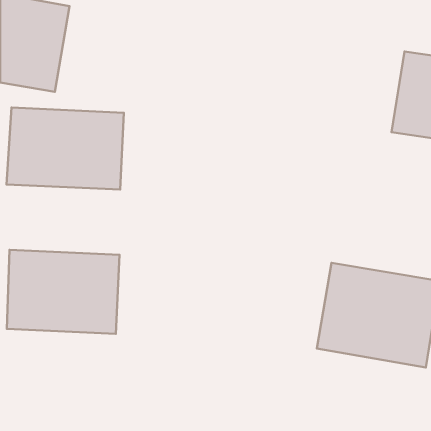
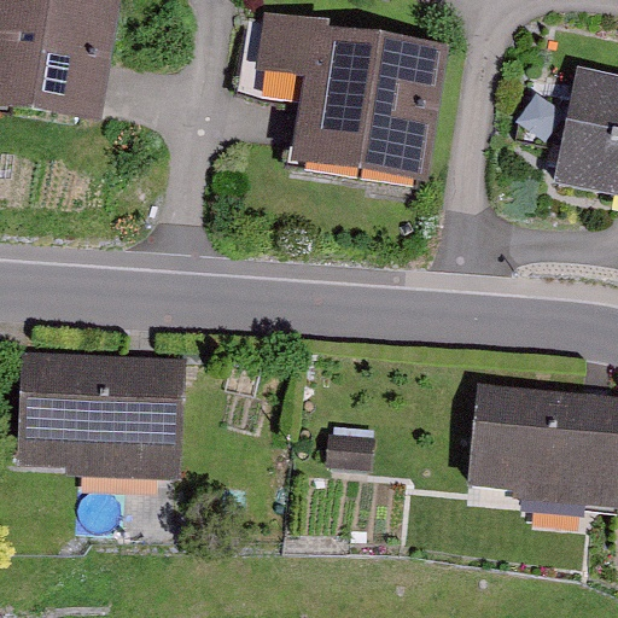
building: none -> [258,18,439,182]
building: [7,107,124,190] -> none

